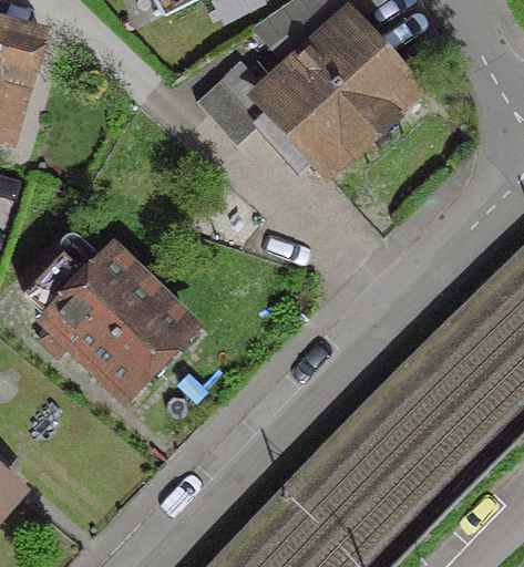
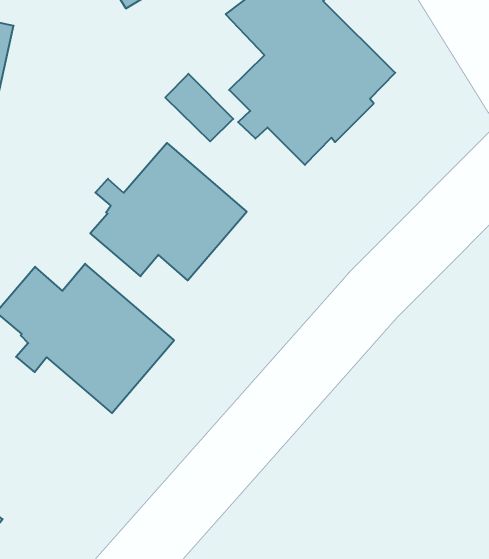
building: none -> [90,143,247,280]

